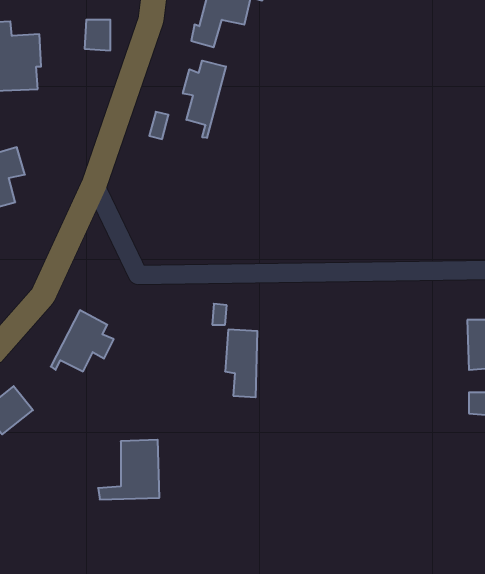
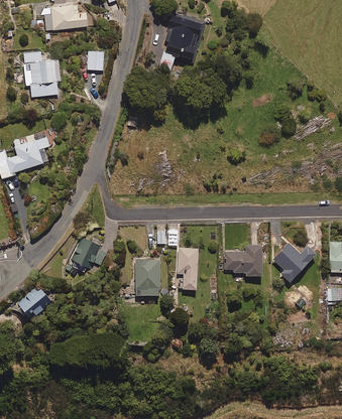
building: [183,61,226,138] -> none
building: none -> [271,240,314,279]
building: none -> [225,243,260,274]
building: [98,440,159,499] -> [121,257,159,294]

